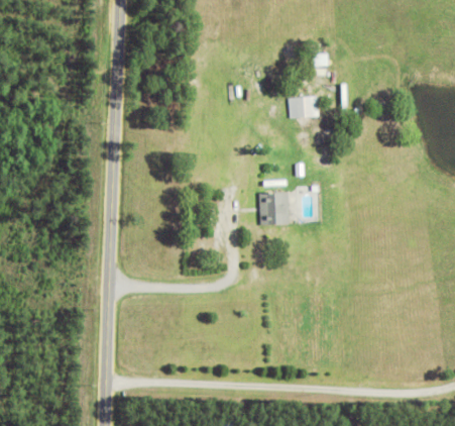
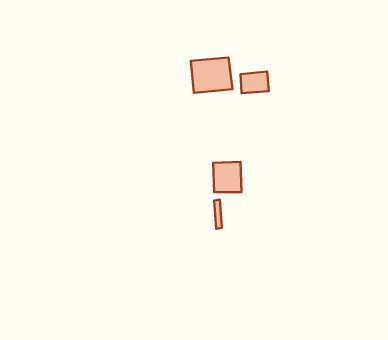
building: none -> [191,57,233,93]

